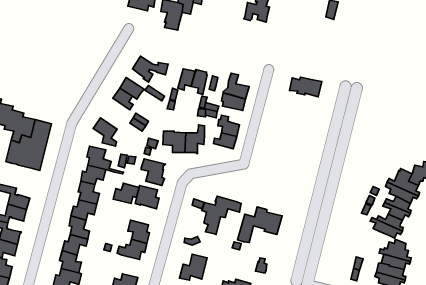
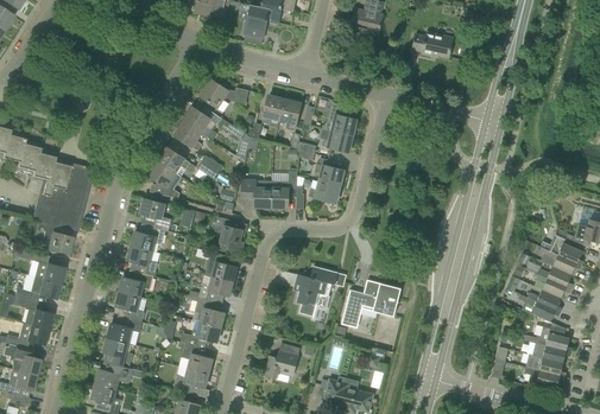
building: [290,77,322,97] -> [411,32,454,58]
building: none -> [158,147,196,177]
building: none -> [43,223,72,254]
building: [113,183,139,204] -> [198,276,233,304]
building: none -> [183,344,211,374]

